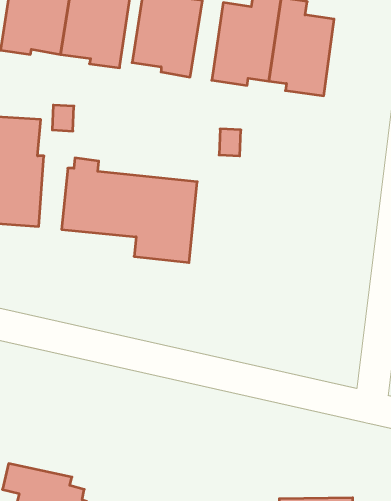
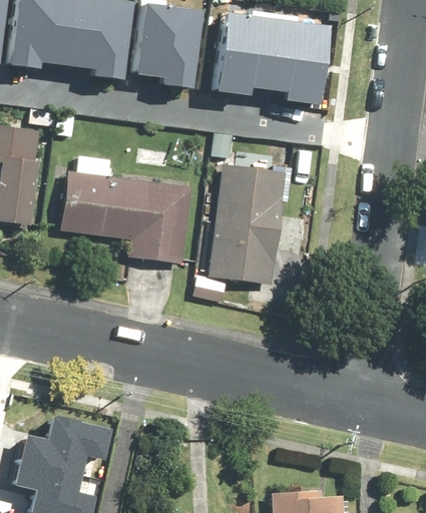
building: none -> [210,164,296,289]
building: none -> [12,416,103,472]

